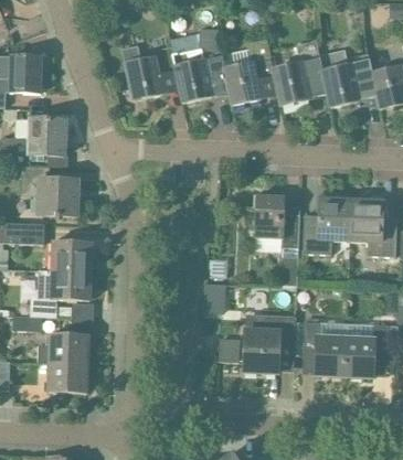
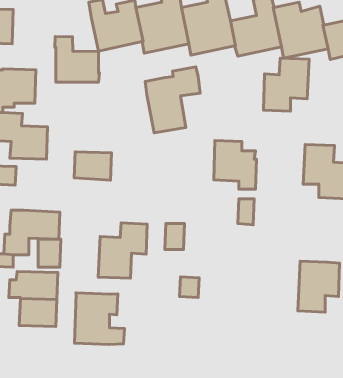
building: none -> [55,36,99,82]
building: none -> [145,67,200,133]
building: [304,199,352,255] -> [264,58,309,111]
building: [53,242,93,271] -> [74,152,111,180]
building: [244,314,296,373] -> [98,223,147,278]
building: [303,322,347,376] -> none
building: none -> [75,293,124,344]

